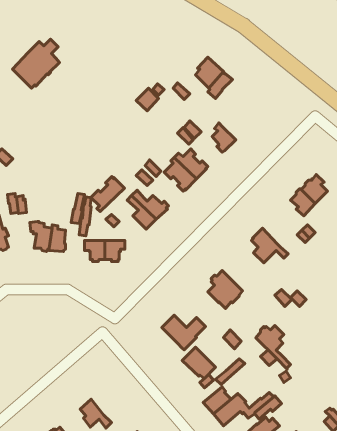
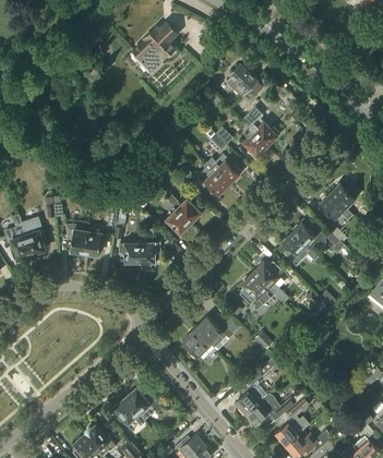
building: [12,39,59,88] -> [130,25,176,73]
building: none -> [244,105,279,145]
building: [91,177,125,212] -> none
building: none -> [294,220,325,250]
building: [256,325,291,369] -> [254,261,288,303]
building: [182,347,216,378] -> [182,328,215,359]
building: none -> [127,389,163,420]

